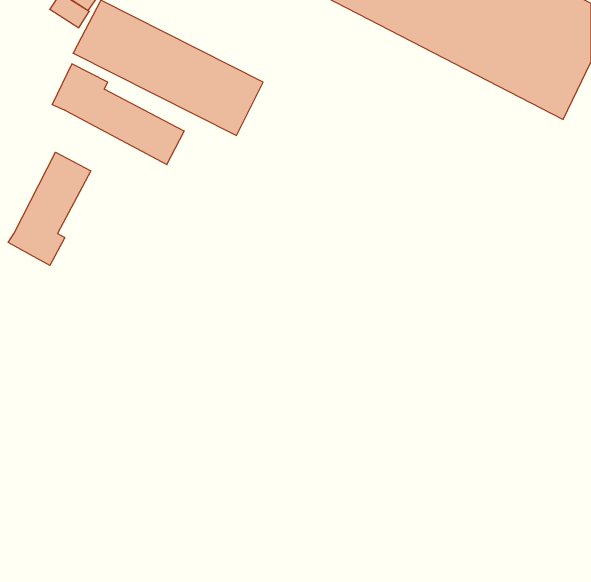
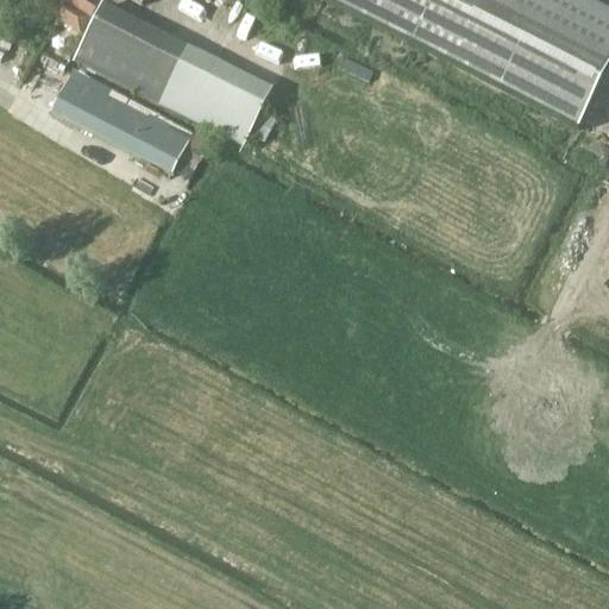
building: [8,152,91,265] -> none

